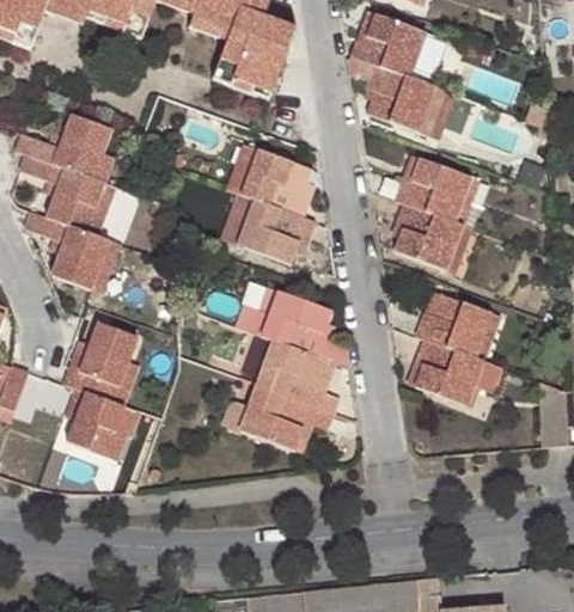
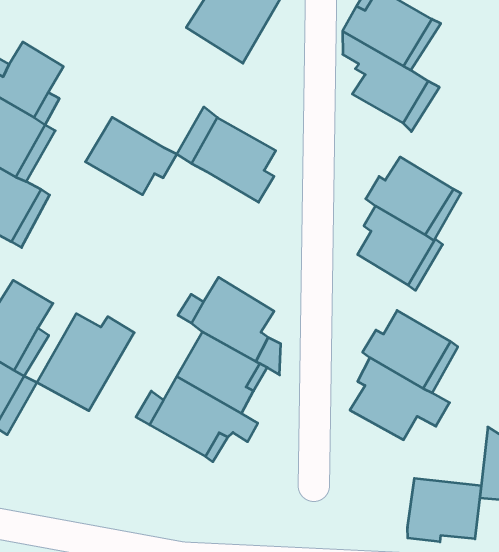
building: [236,198,315,262] -> [85,117,177,195]
building: none -> [37,314,134,411]
building: none -> [408,478,481,542]

